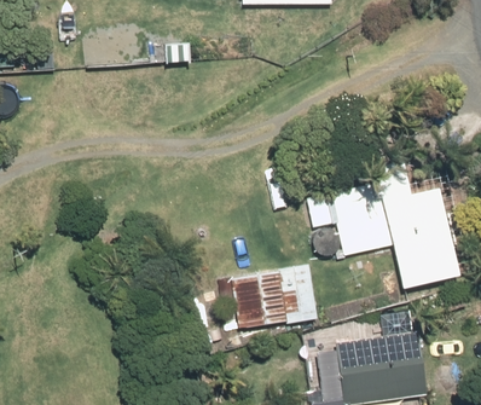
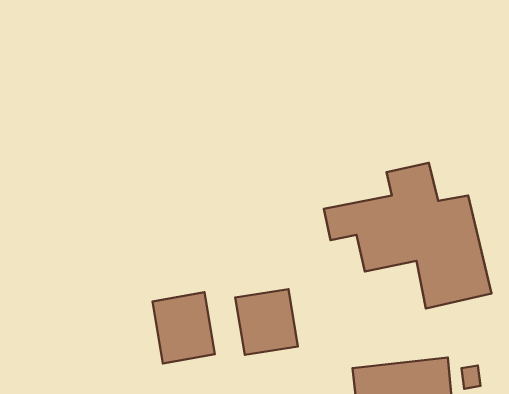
building: none -> [153,292,215,364]

